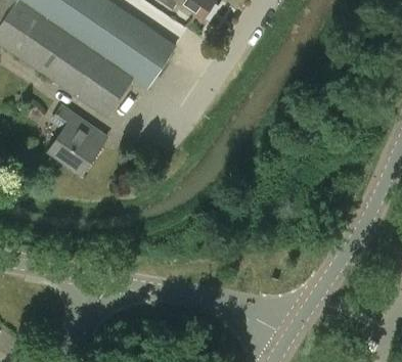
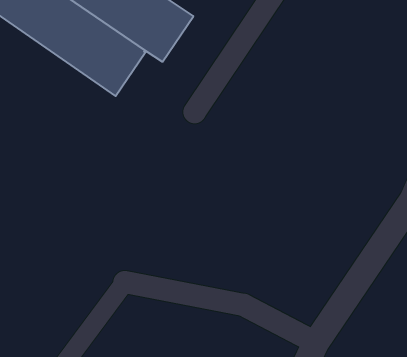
building: [48,105,99,173] -> none

